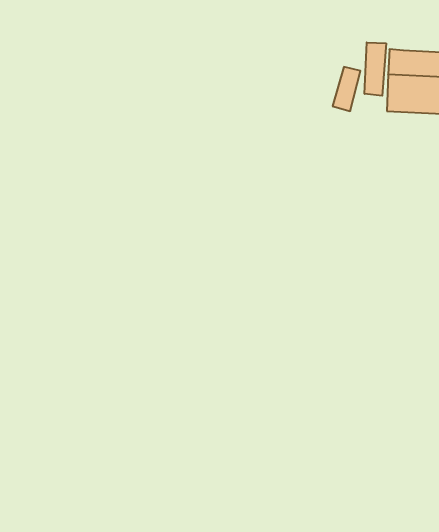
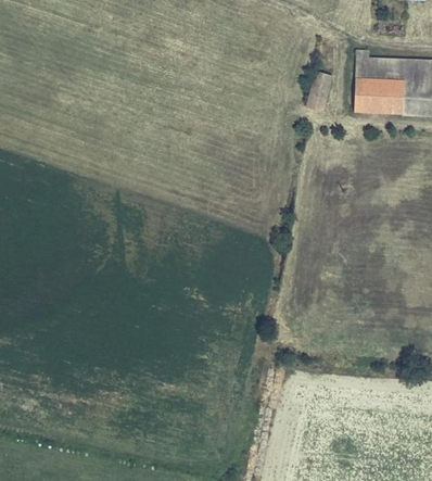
building: [365,42,386,96] -> none

